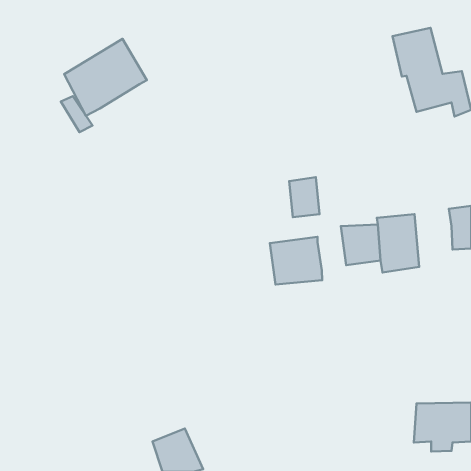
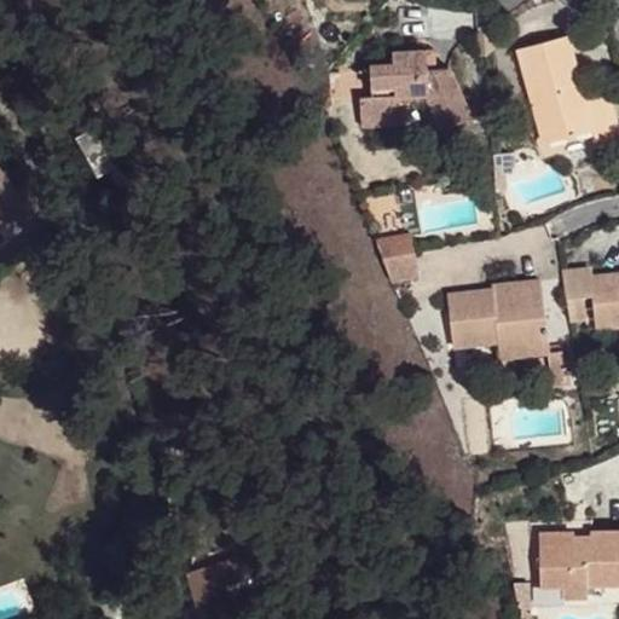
building: [64,39,147,116] -> none
building: none -> [357,53,472,140]
building: none -> [561,262,591,320]
building: [270,237,322,285] -> none

